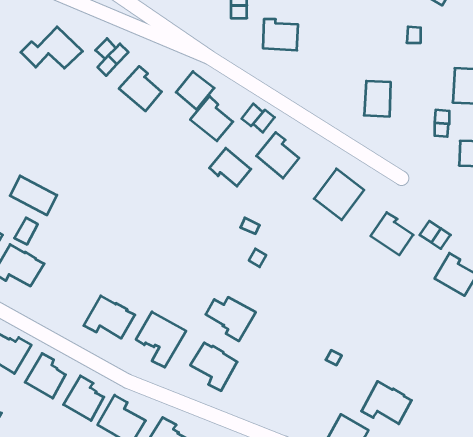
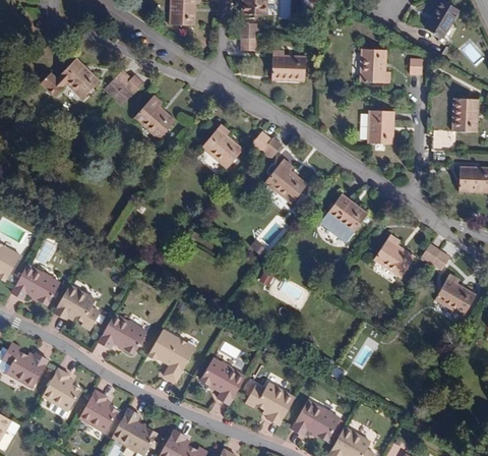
building: none -> [359,48,388,82]
building: [176,71,214,110] -> none
building: [209,148,251,186] -> none
building: [10,176,57,215] -> none
building: none -> [56,286,102,328]
building: [206,297,256,341] -> [248,384,296,425]
building: [361,381,412,424] -> [293,401,341,442]

